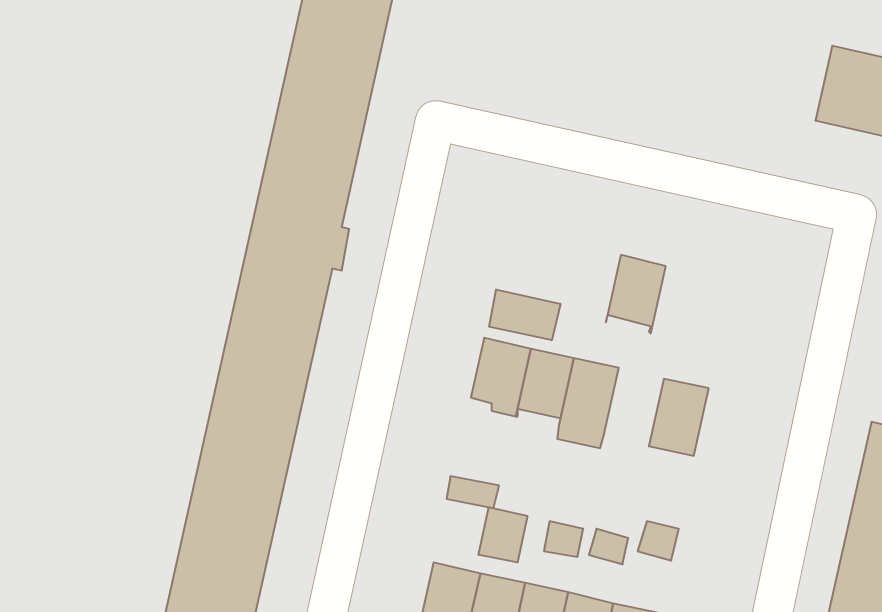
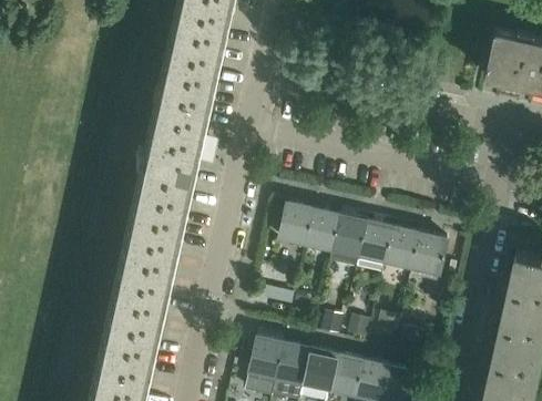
building: [606,255,666,334] -> [359,220,395,267]
building: [489,289,560,340] -> none
building: none -> [411,233,448,282]
building: [479,507,527,562] -> none

